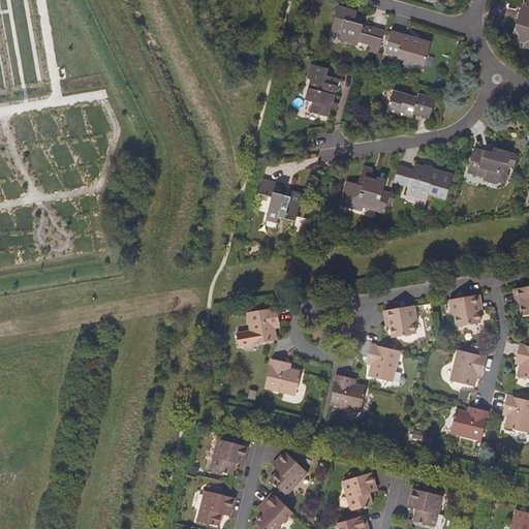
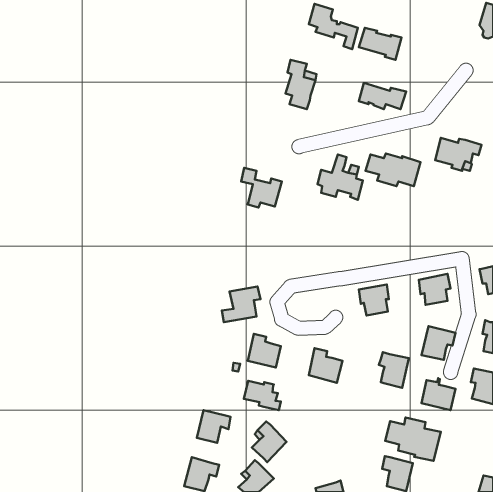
building: [368,343,400,381] -> [379,352,409,388]
building: none -> [244,381,281,410]
building: none -> [385,418,441,461]
building: [343,472,376,510] -> none

